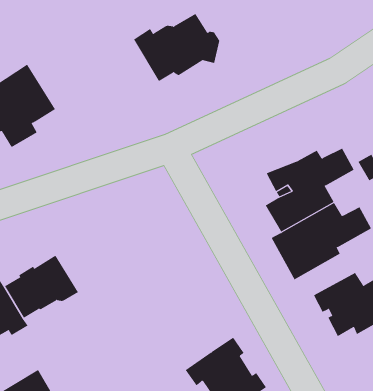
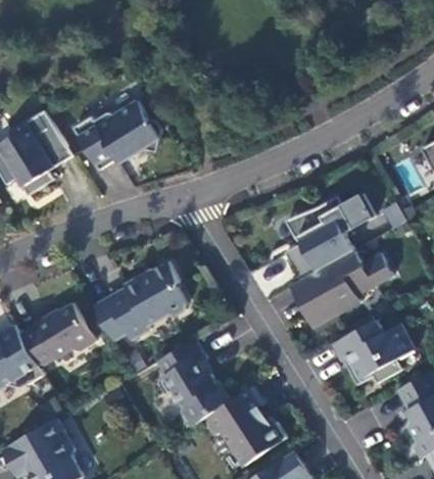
building: [133,13,220,82] -> [73,100,160,170]
building: none -> [92,260,186,340]
building: none -> [155,339,229,428]

